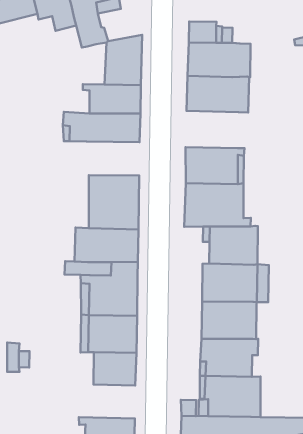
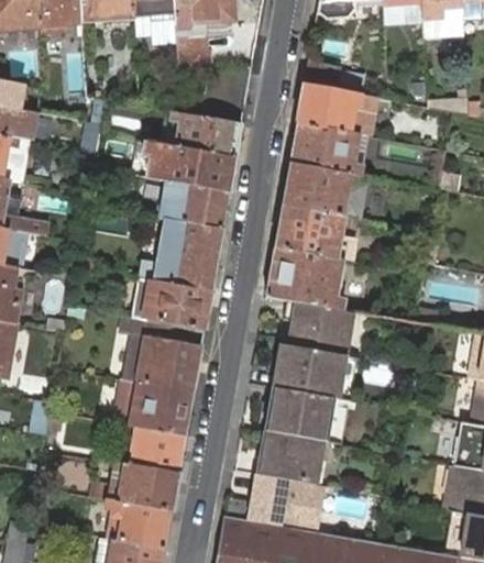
building: none -> [282,164,366,220]
building: none -> [161,180,229,230]
building: none -> [89,462,178,511]

